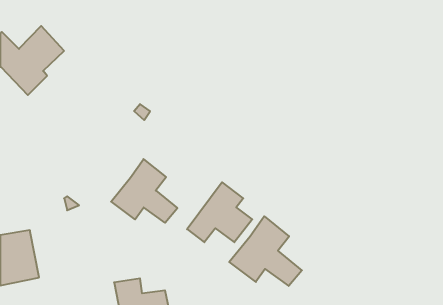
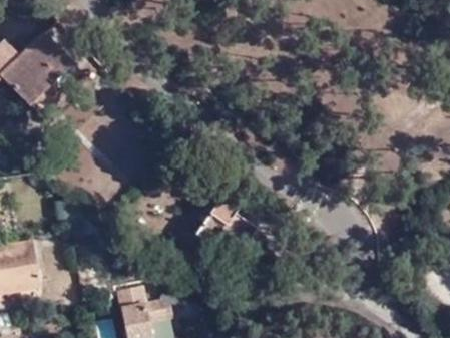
building: [111,159,177,223] -> none
building: [229,216,302,286] -> none

